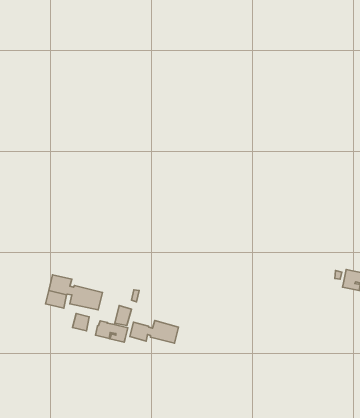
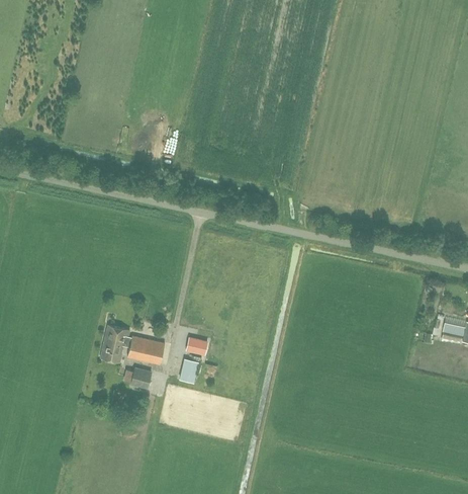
building: [130,320,179,343] -> none
building: [95,321,128,342] -> none

